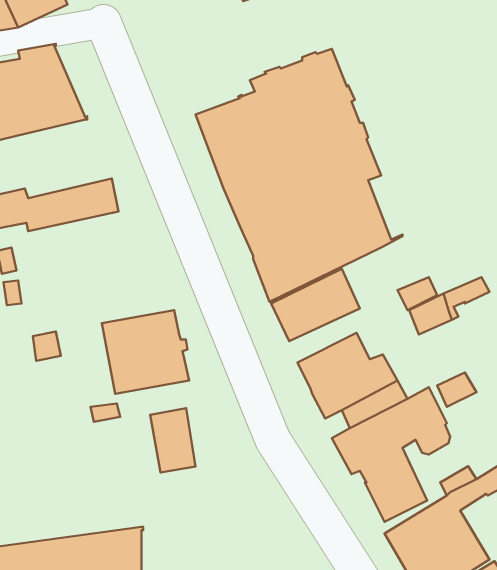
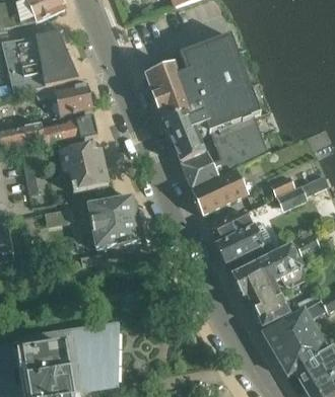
building: none -> [35,78,91,115]
building: none -> [59,143,109,191]
building: [150,408,196,473] -> none

